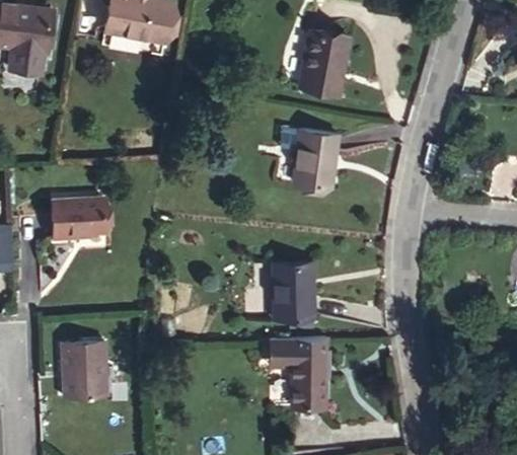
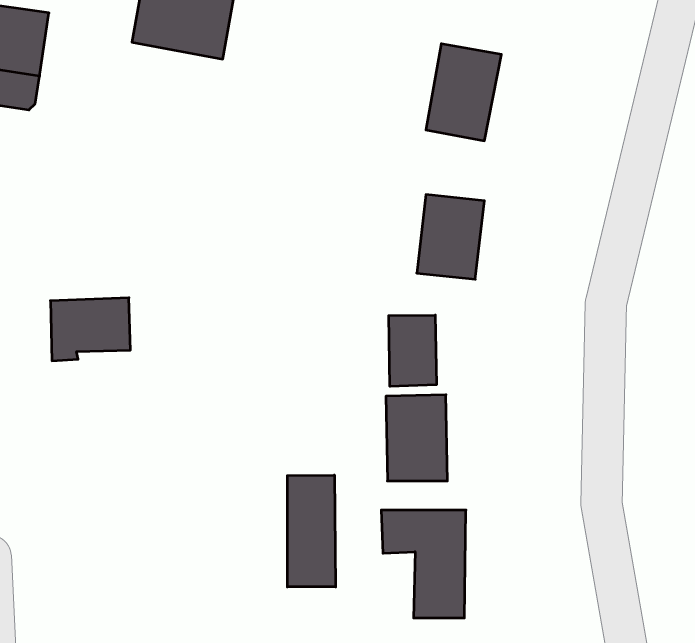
building: none -> [389,315,436,386]
building: none -> [287,475,336,587]
building: [63,342,107,398] -> none

